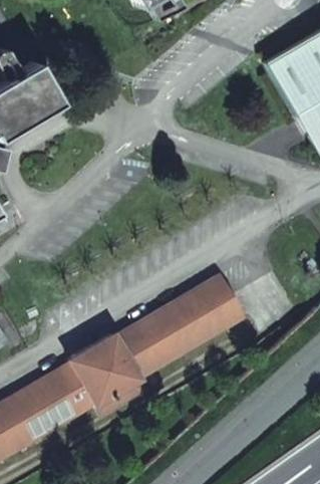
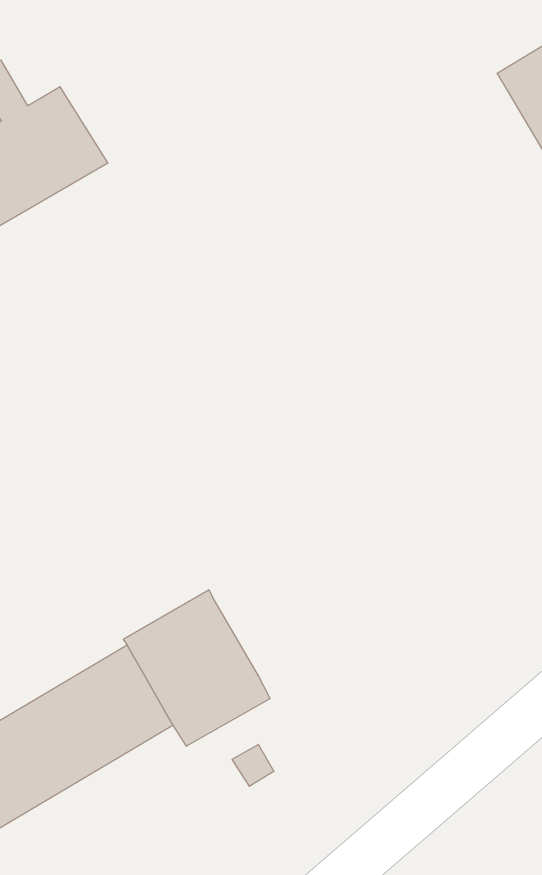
building: [118,273,247,377] -> none

